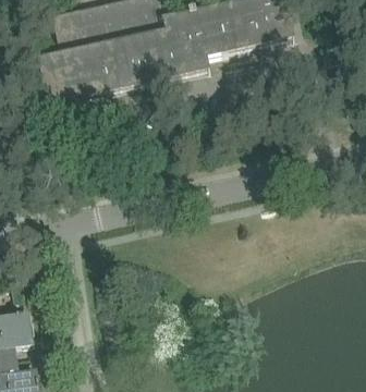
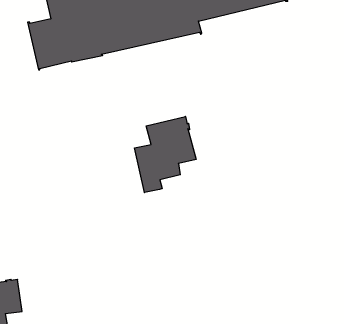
building: none -> [135,116,196,193]

